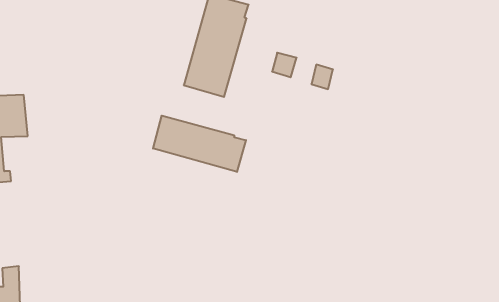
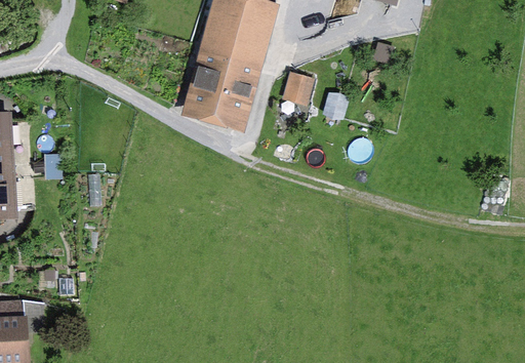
building: [153,116,246,172] -> none

